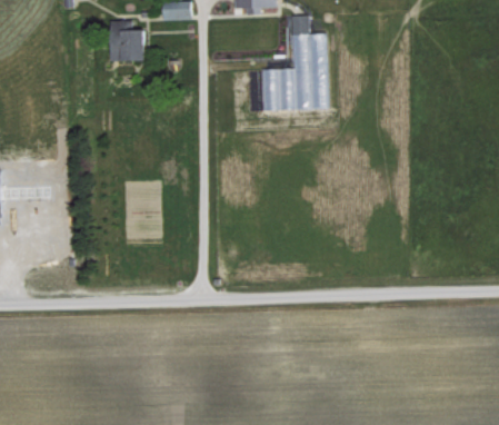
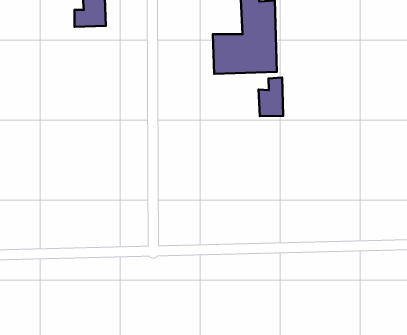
building: none -> [259,78,283,116]

